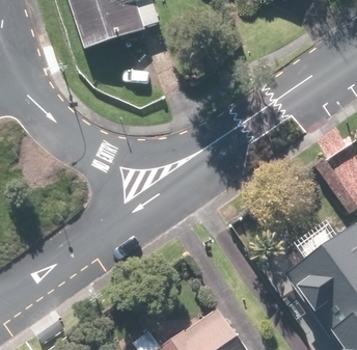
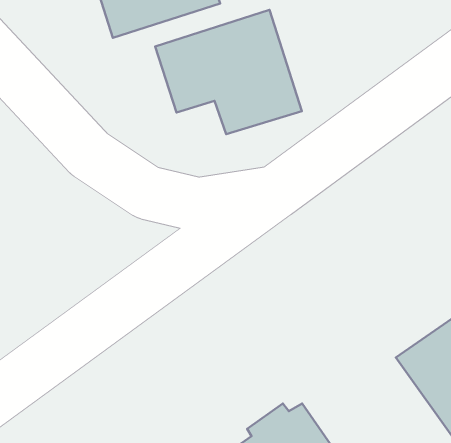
building: none -> [155,10,302,134]

